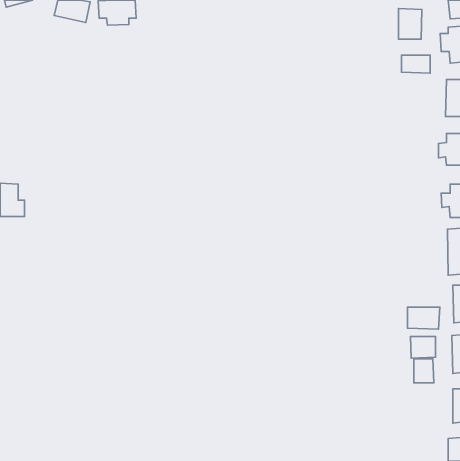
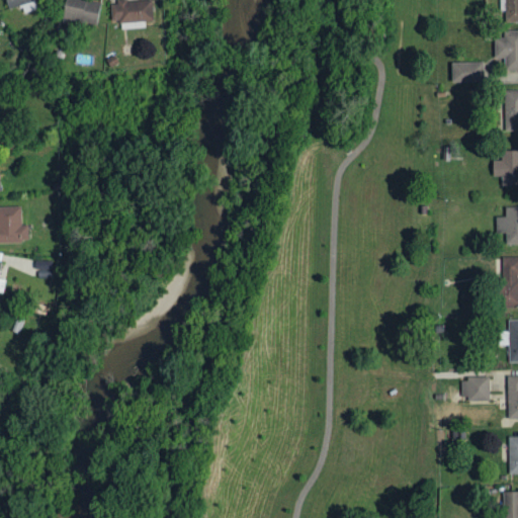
building: [398,9,422,39] -> none
building: [407,307,440,329] -> none
building: [414,359,434,383] -> none

